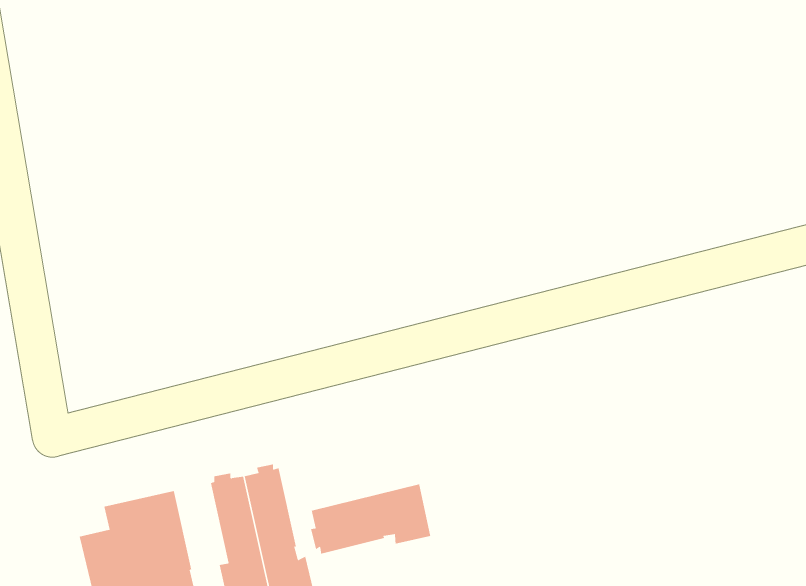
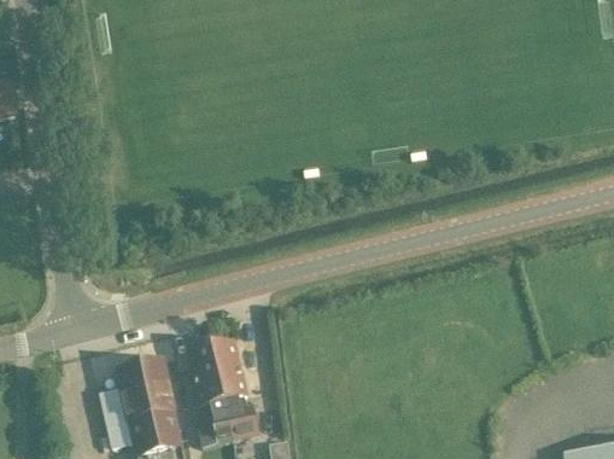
building: [311,483,431,554] -> none

